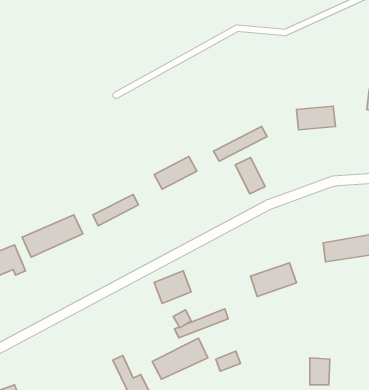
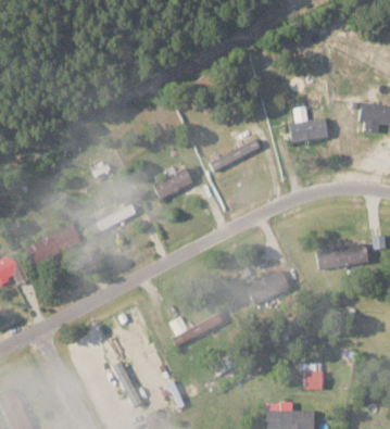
building: [235,158,265,194] -> none
building: [154,271,191,303] -> none
building: [152,338,208,379] -> none

